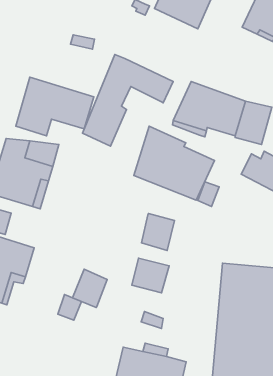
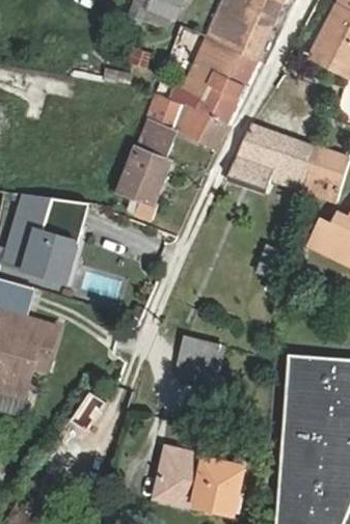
building: none -> [168,36,258,126]
building: [16,77,94,136] -> none
building: [134,126,215,200] -> none
building: [141,214,175,250] -> none
building: [73,269,107,307] -> none

